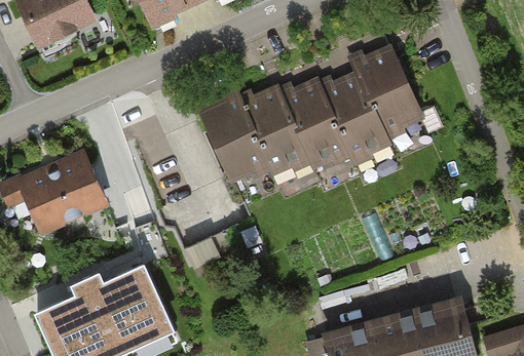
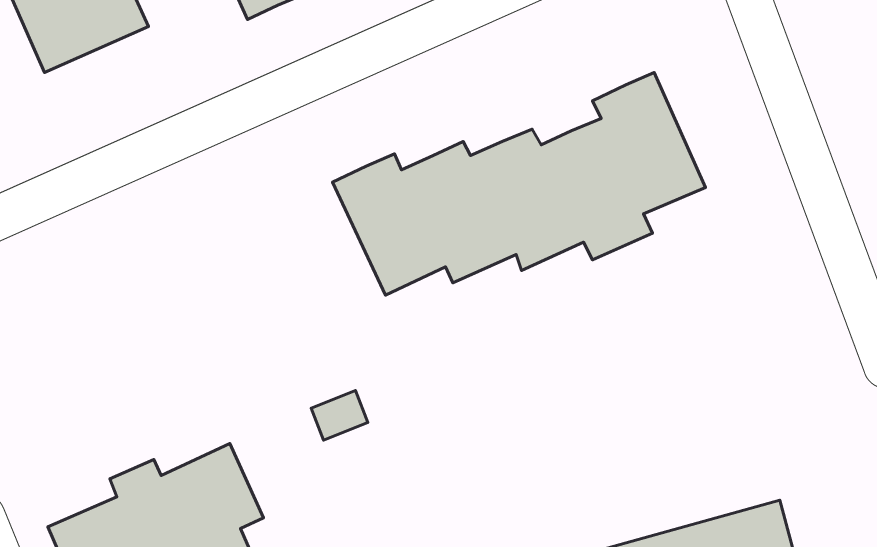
building: [17,153,107,237] -> none

